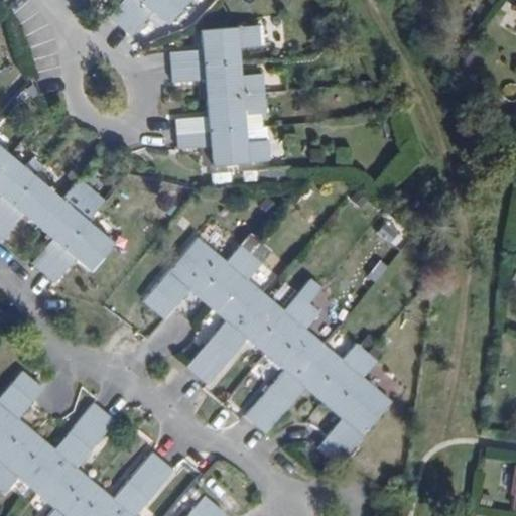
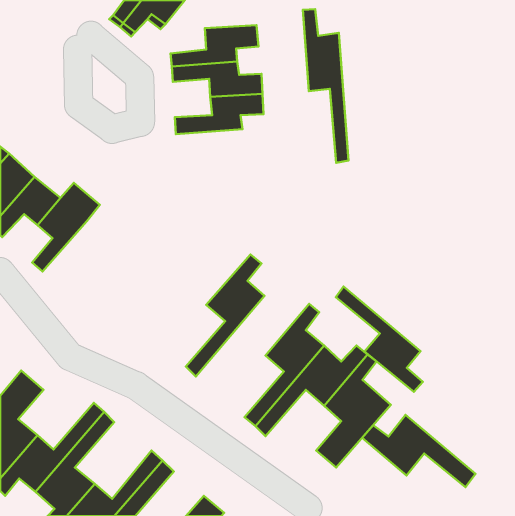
building: none -> [303,9,349,163]
building: [176,129,269,164] -> none
building: [43,221,115,281] -> none
building: [143,238,251,317] -> none
building: [197,283,318,385] -> none
building: none -> [336,286,423,392]
building: none -> [362,415,475,487]

